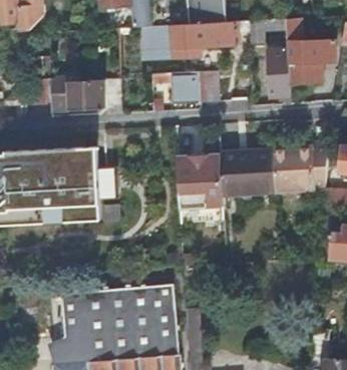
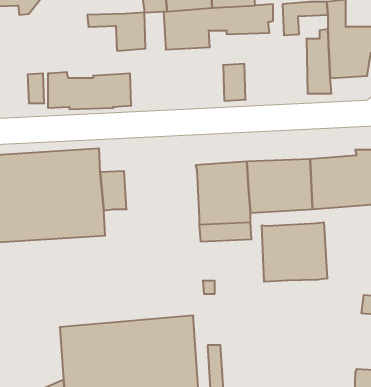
building: [150,72,200,104] -> [87,13,146,51]
building: none -> [262,222,327,282]

